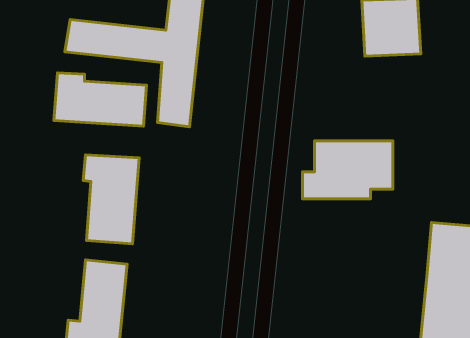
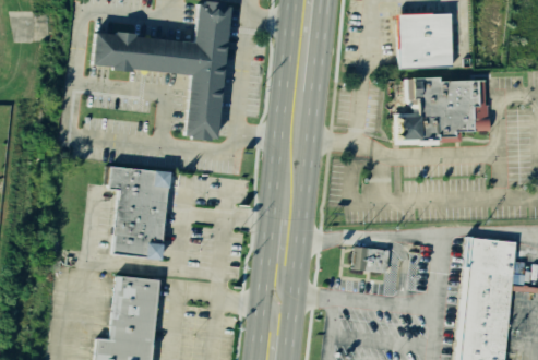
building: [54,73,146,126] -> none
building: [303,141,393,199] -> [395,80,487,139]
building: none -> [354,245,390,273]

